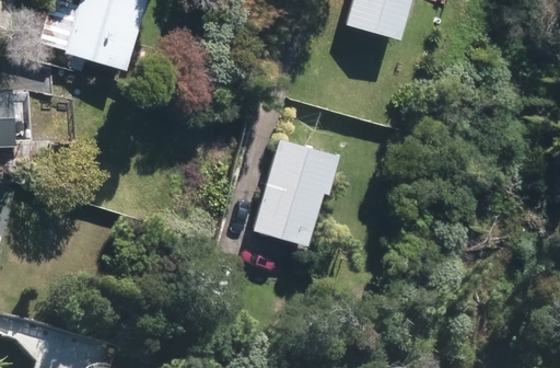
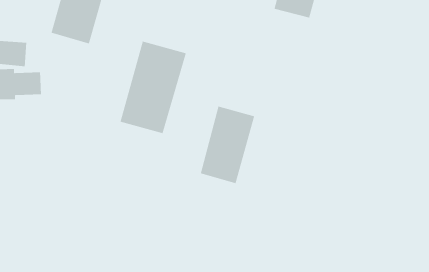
building: none -> [120,41,187,134]

